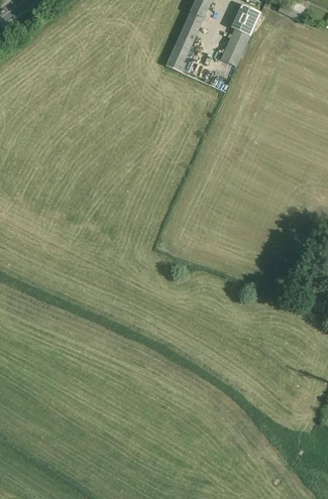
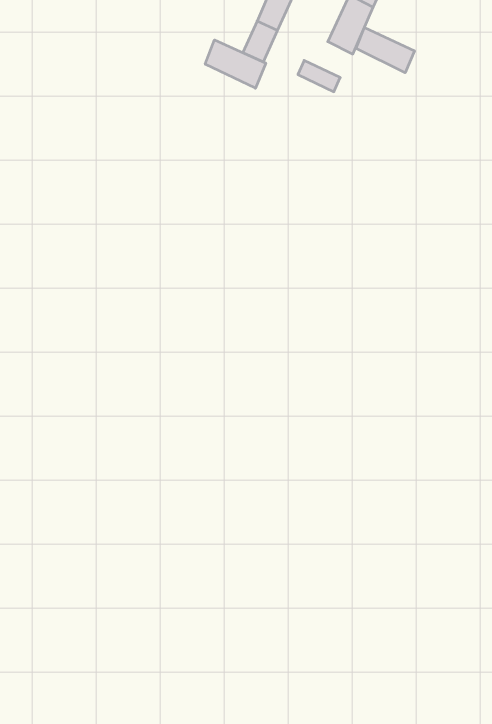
building: none -> [356,27,414,73]
building: none -> [205,40,266,88]

